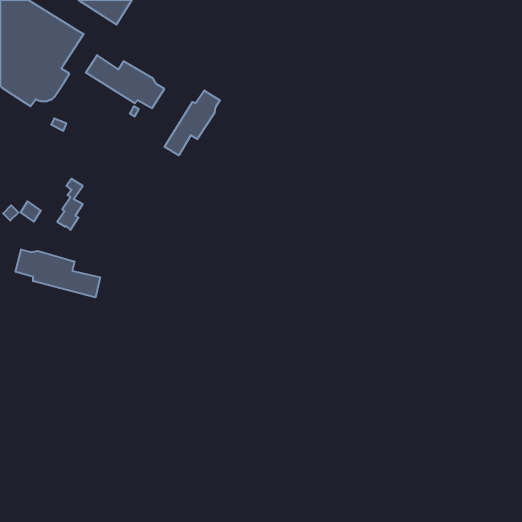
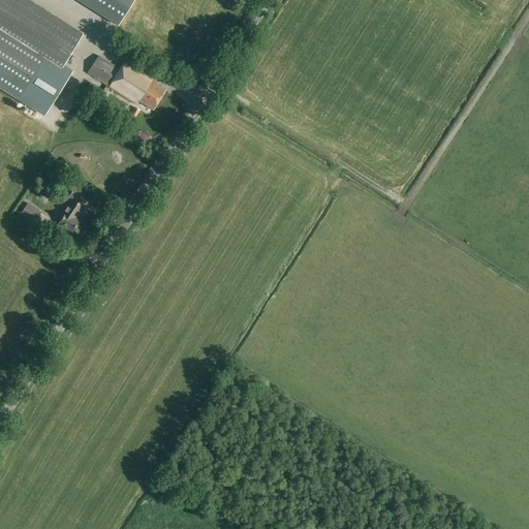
building: [164,90,220,155] -> none
building: [15,249,100,297] -> none

